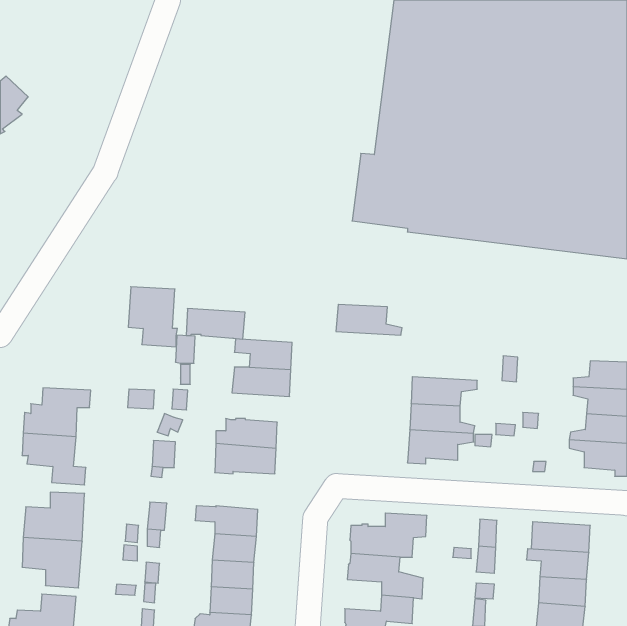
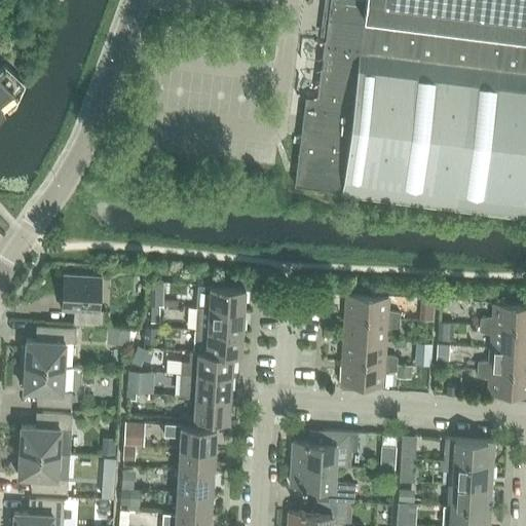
building: [128,287,177,347] -> [62,275,103,326]
building: [336,304,402,335] -> [345,294,401,320]
building: [186,309,245,339] -> [193,330,242,355]
building: none -> [193,396,230,421]

